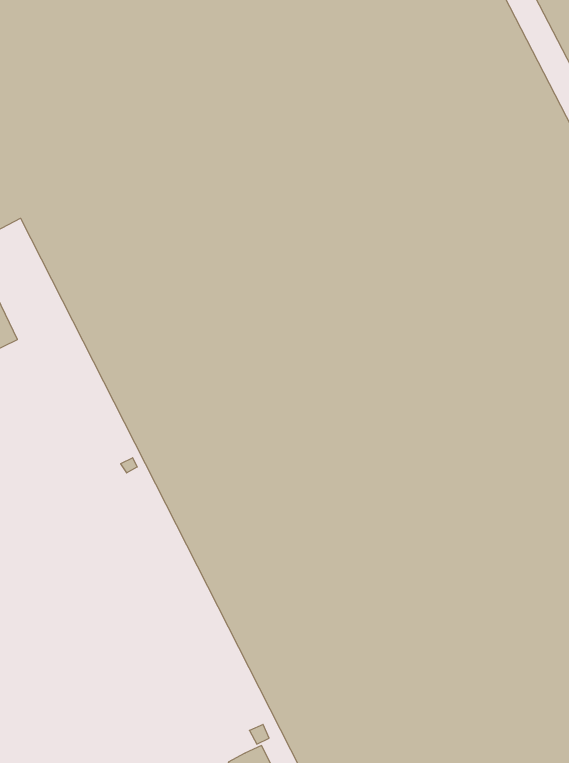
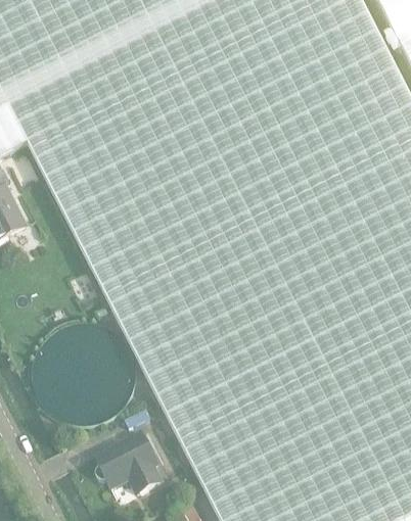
building: none -> [99,434,166,496]

